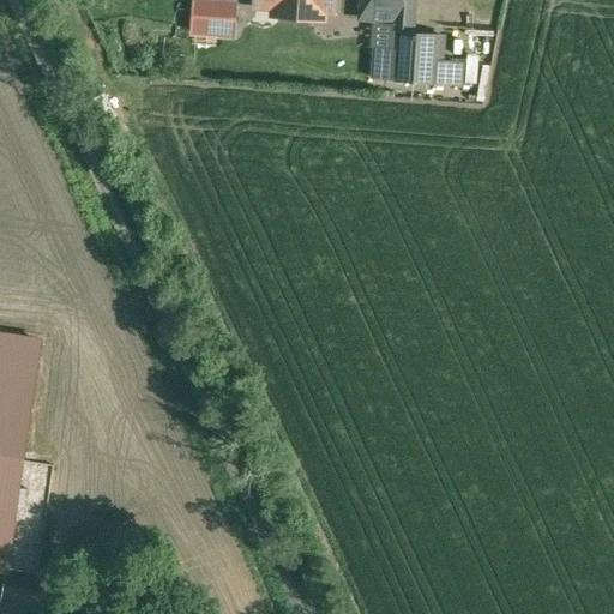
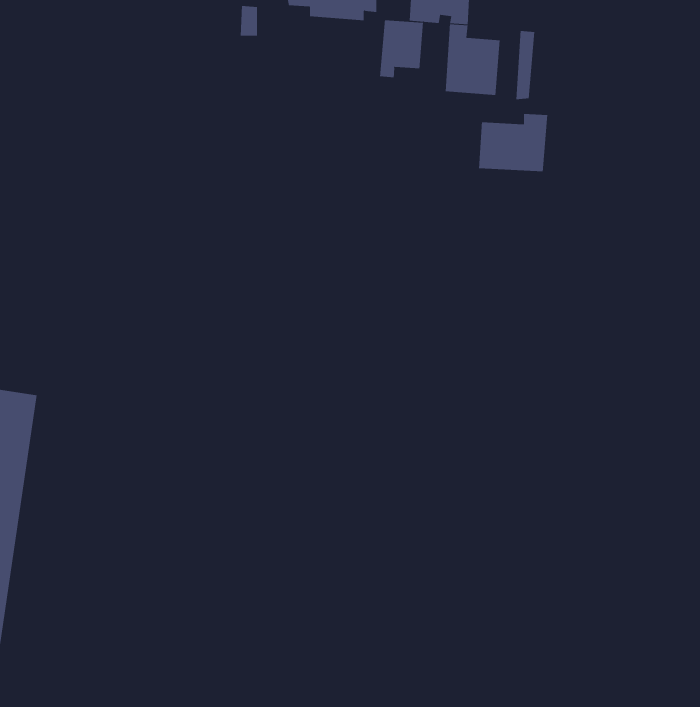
building: none -> [380,19,423,78]
building: none -> [479,113,548,172]

